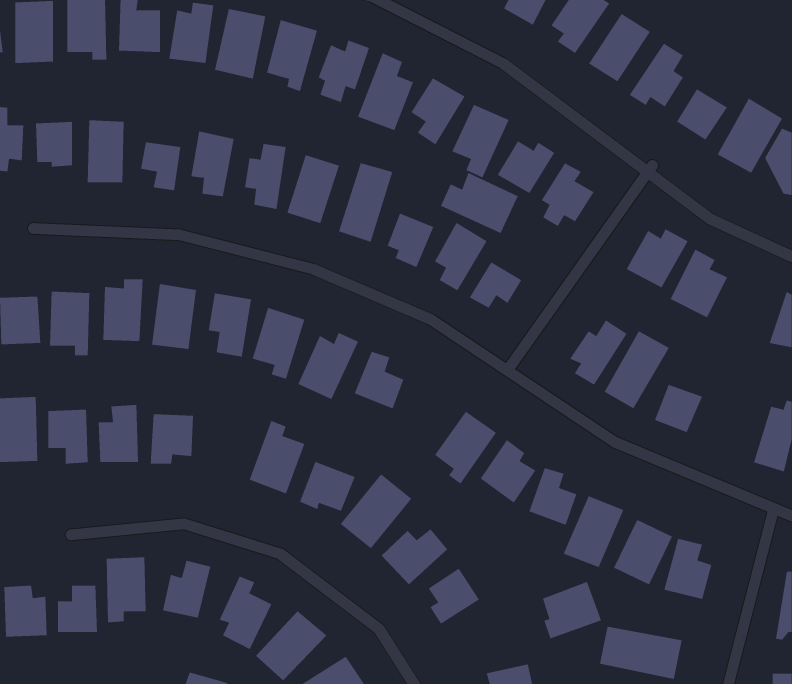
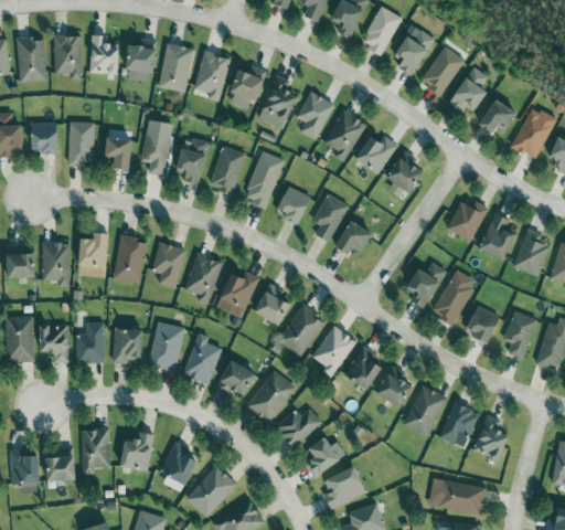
building: [440,172,518,234] -> none
building: none -> [513,229,550,276]
building: none -> [279,305,324,357]
building: none -> [503,310,537,359]
building: none -> [148,321,184,370]
building: [542,581,602,639] -> [324,466,366,507]

